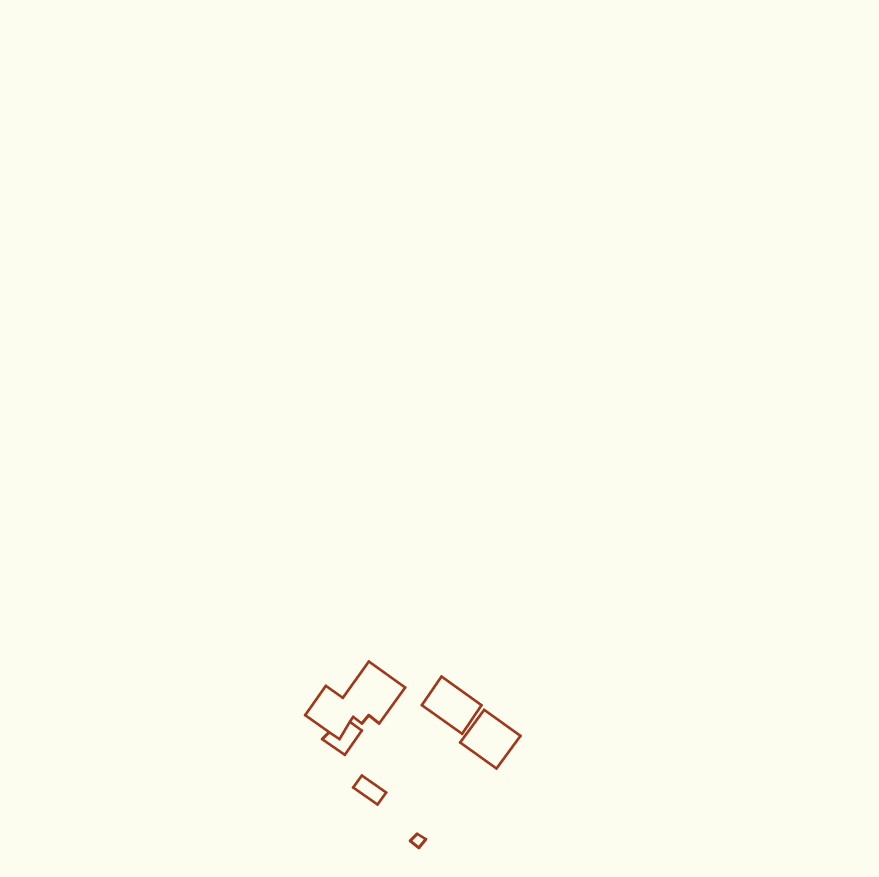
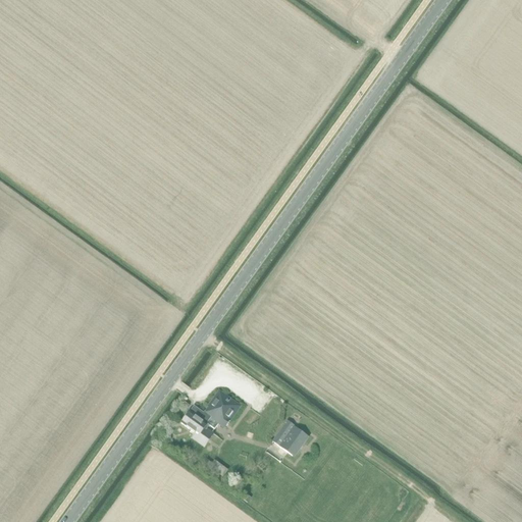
building: [422,676,482,734] -> none

